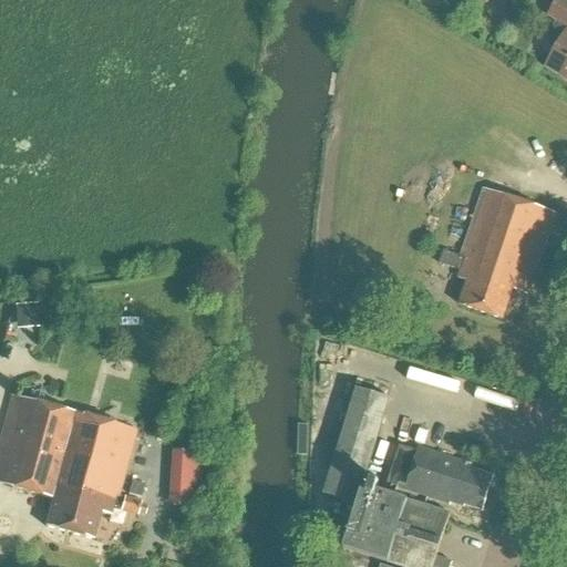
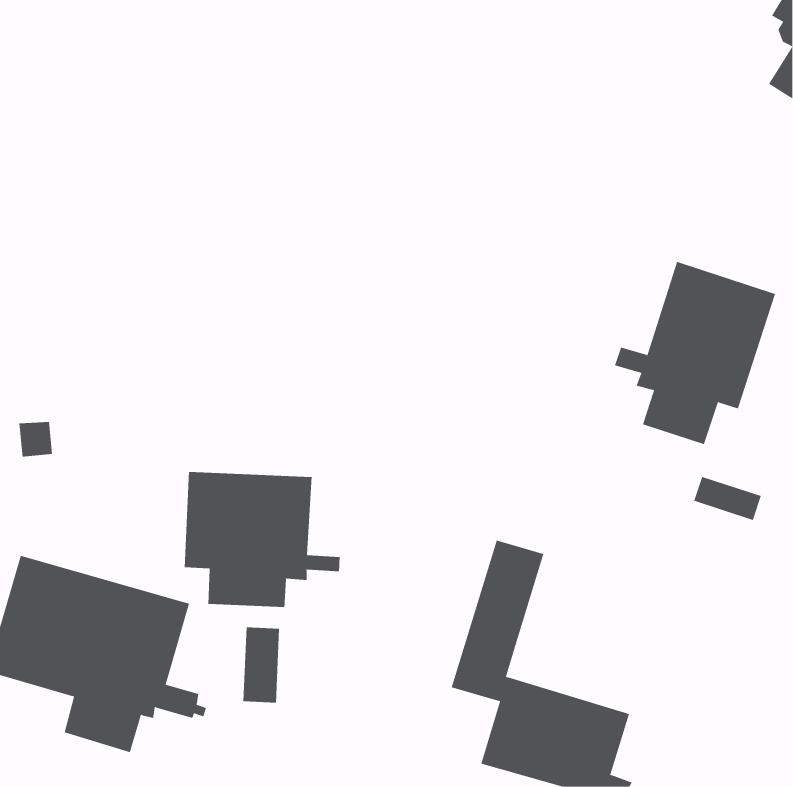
building: none -> [184,471,340,608]
building: none -> [694,476,761,521]
building: [385,441,491,504] -> none

